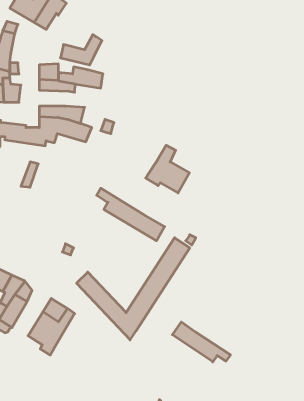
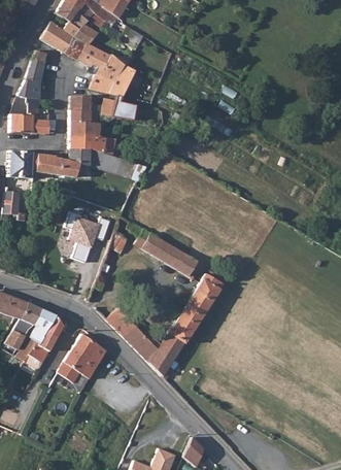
building: none -> [91,49,124,79]
building: none -> [69,121,99,137]
building: [146,145,189,193] -> none
building: none -> [64,210,108,262]
building: [172,322,230,362] -> none

